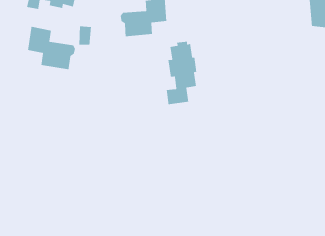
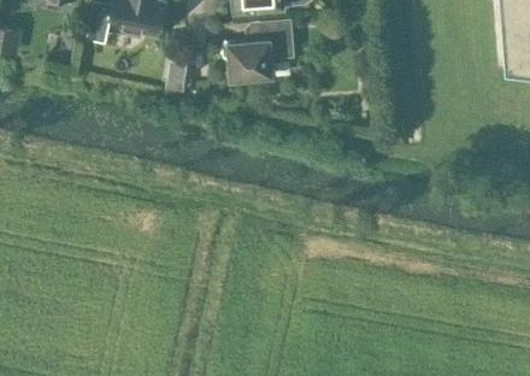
building: [27,26,76,70] -> none
building: [166,41,197,105] -> none

